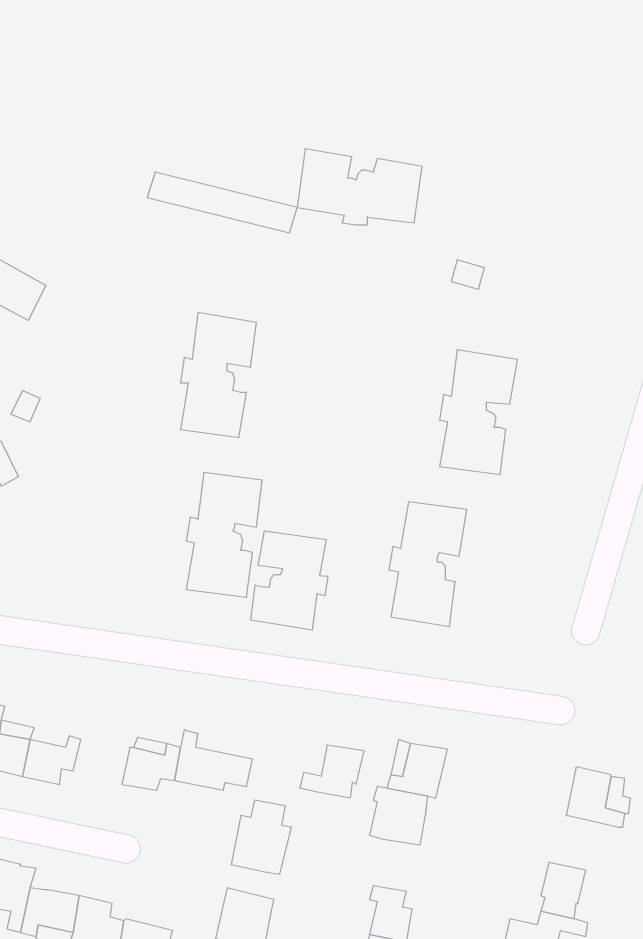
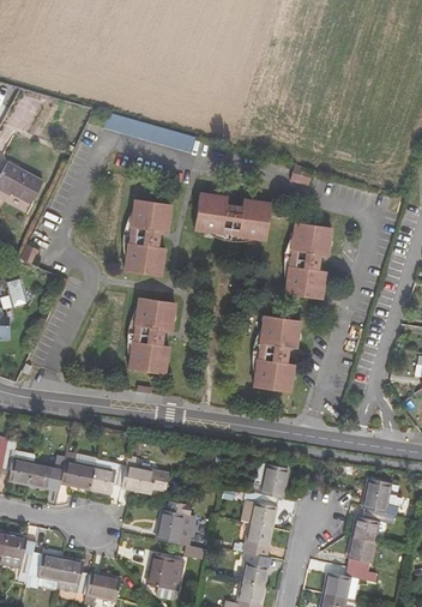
building: [297,149,422,225] -> [194,193,271,240]
building: [251,531,328,630] -> none
building: none -> [59,461,94,489]
building: [300,745,364,798] -> [233,523,272,555]
building: none -> [351,509,394,542]

